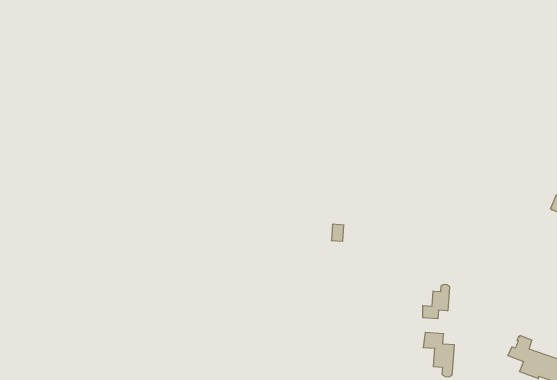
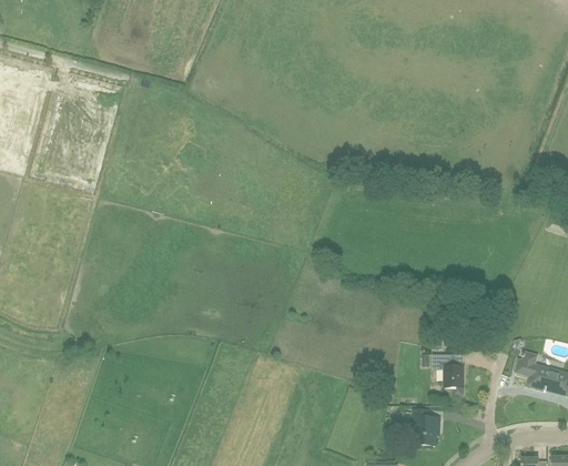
building: [423,284,449,319] -> none

